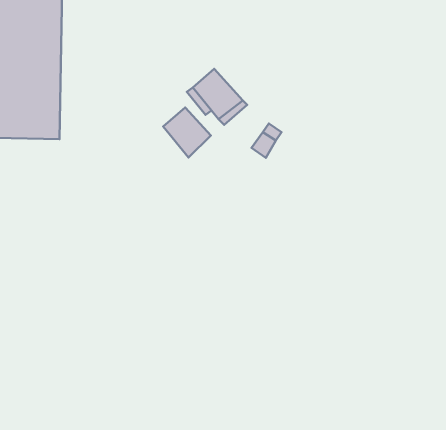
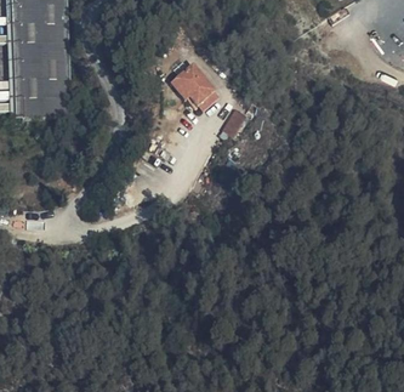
building: [163,107,211,157] -> none

